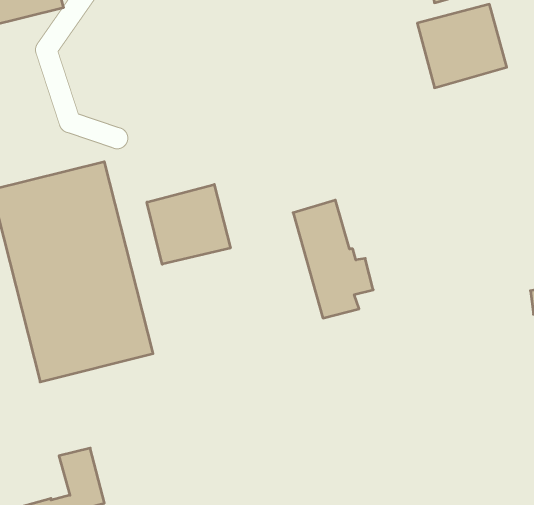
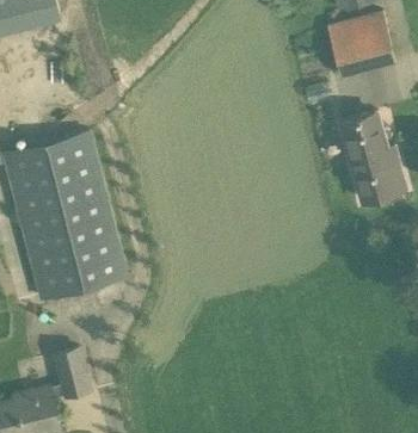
building: [147,184,230,264] -> none
building: [293,200,373,318] -> [344,119,405,209]

